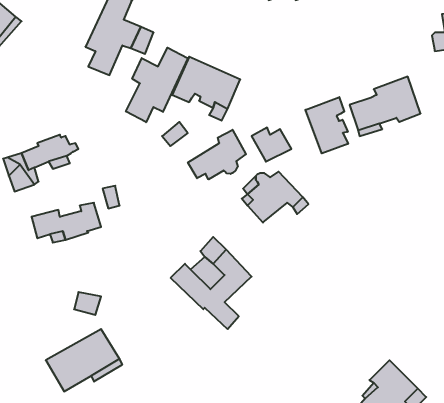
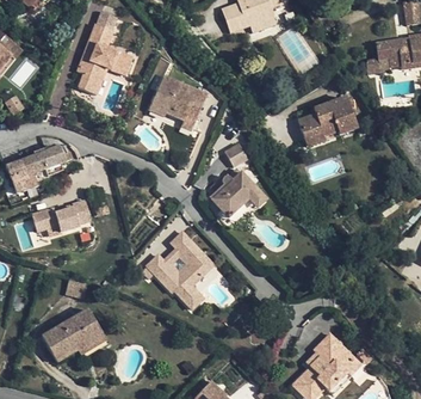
building: [126,48,188,122] -> none
building: [305,97,348,153] -> none
building: [188,130,246,179] -> none

